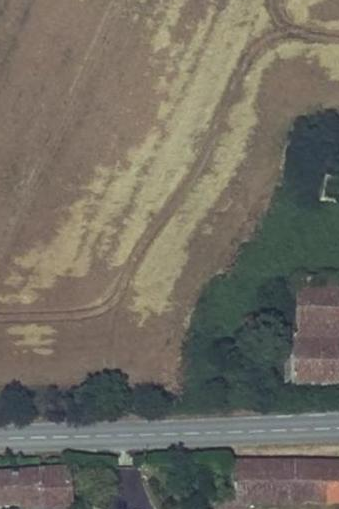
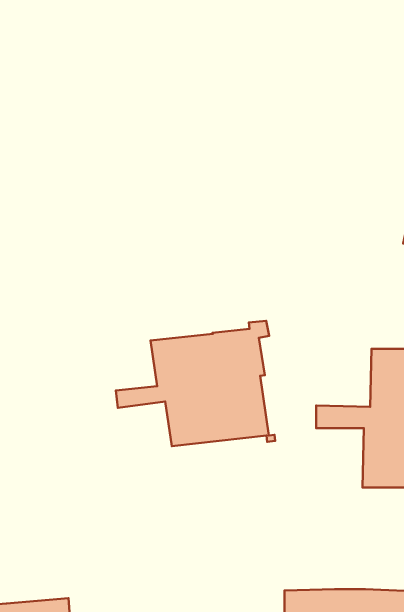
building: none -> [116,321,275,446]

